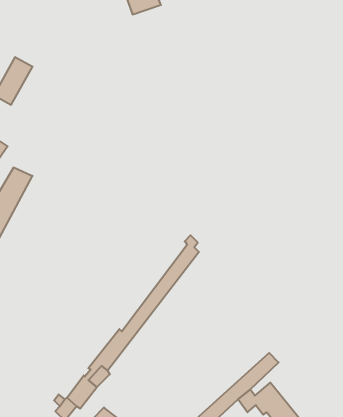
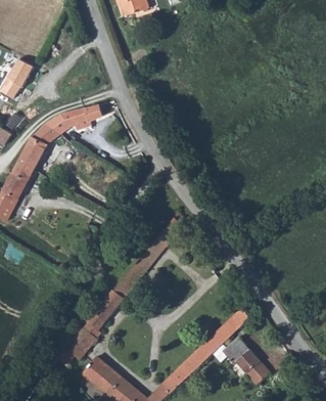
building: none -> [20,109,84,159]

